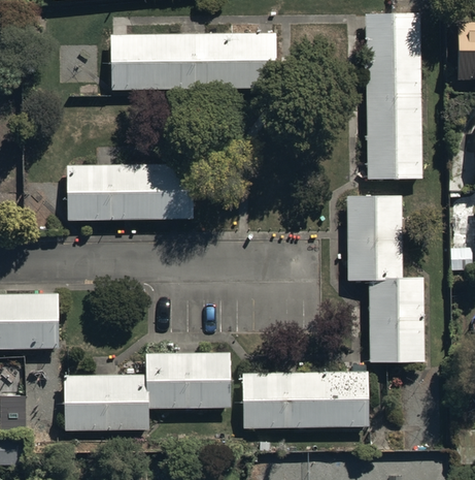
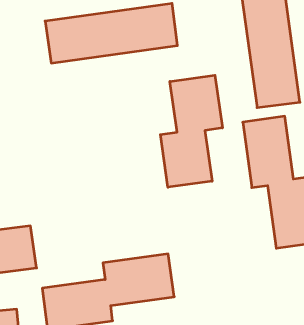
building: none -> [160,75,222,187]
building: [67,164,193,221] -> none
building: [242,372,369,428] -> none

